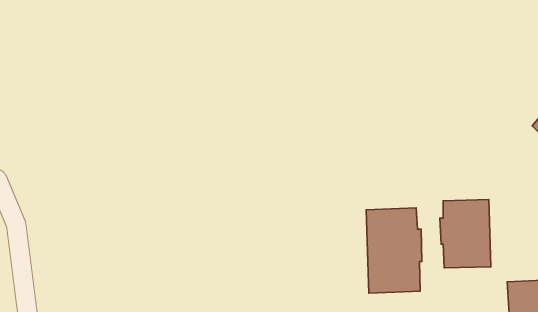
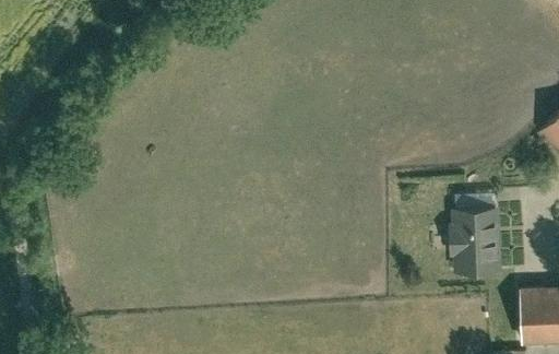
building: [366,208,422,293] -> none

